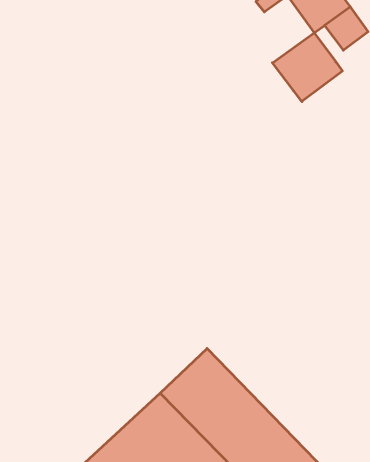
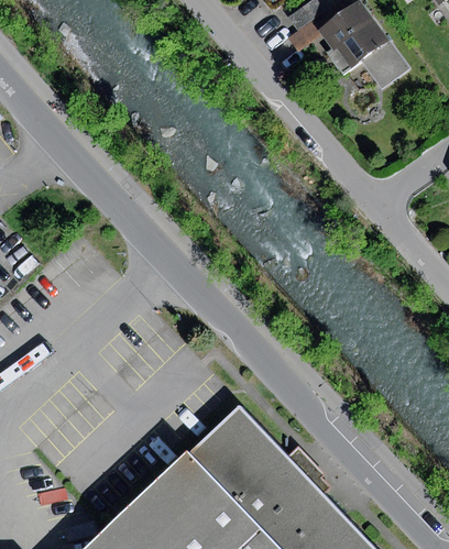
building: [272,33,342,102] -> none

